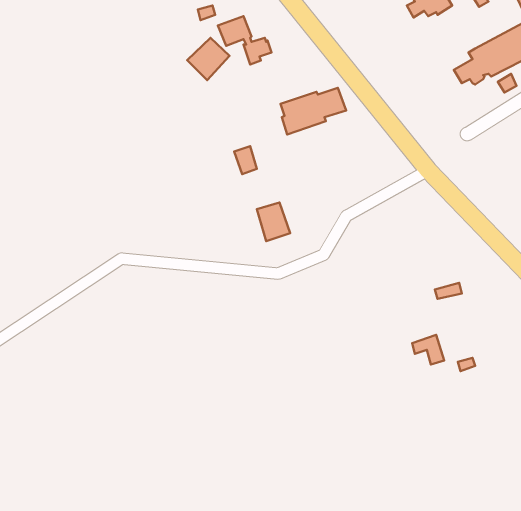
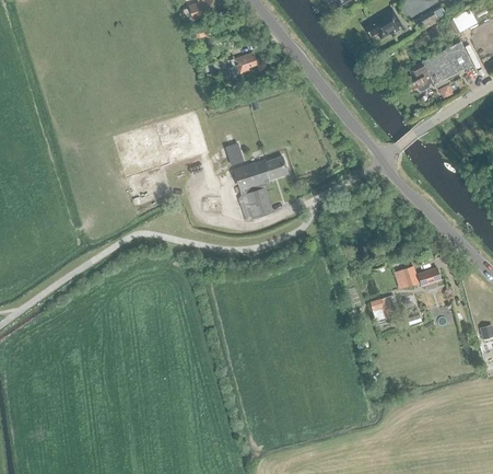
building: [187,38,230,80] -> none
building: [280,88,346,135] -> [233,154,286,193]
building: none -> [401,266,441,289]

